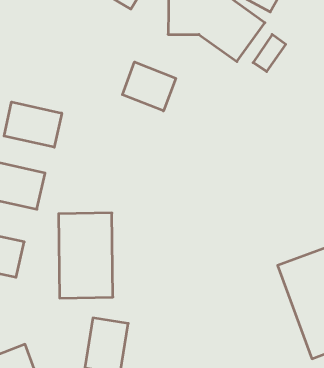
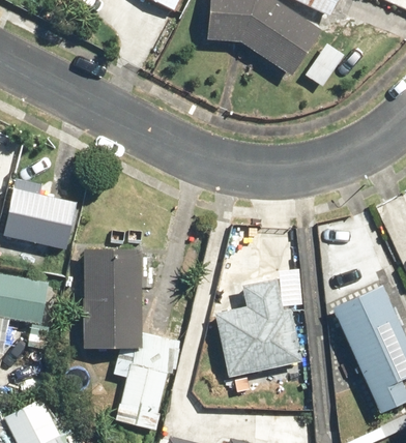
building: [122,62,176,111] -> none
building: [4,102,62,147] -> none
building: none -> [222,279,297,374]

